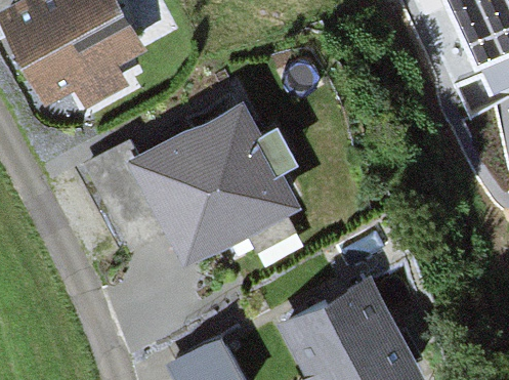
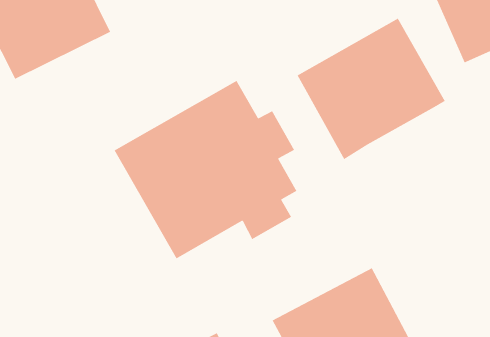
building: none -> [297,17,446,160]

